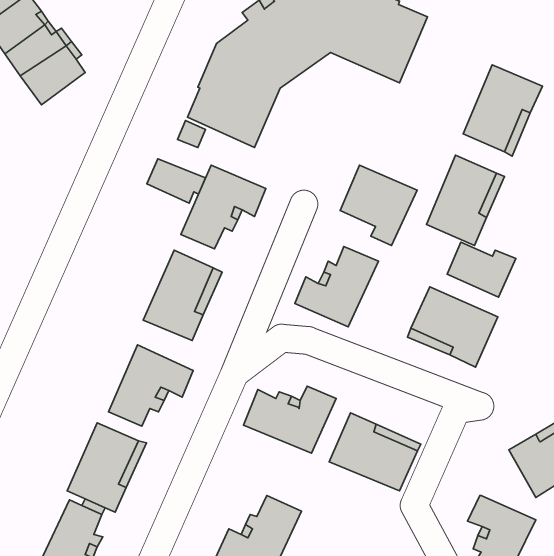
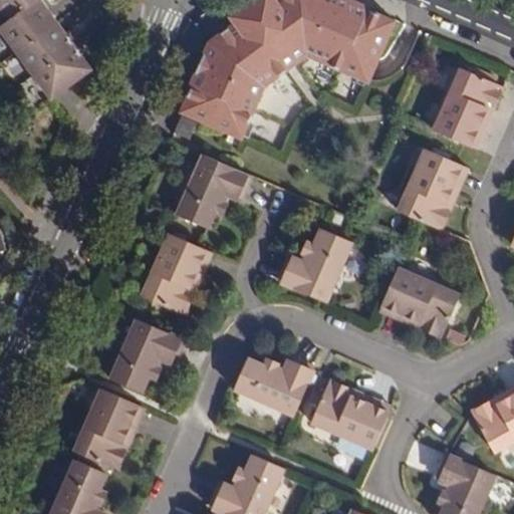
building: [147,159,205,203] -> none
building: [340,165,417,246] -> none
building: [447,242,516,297] -> none

